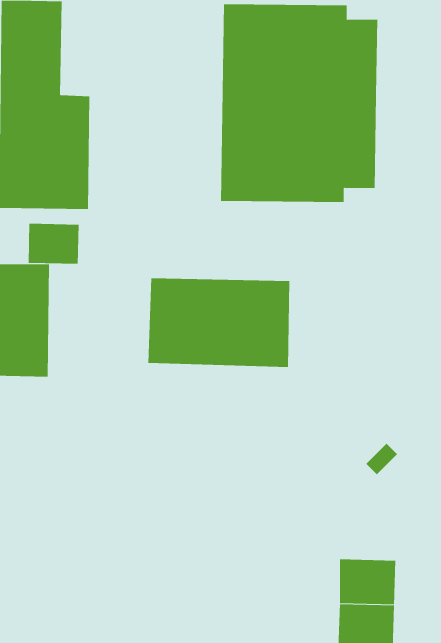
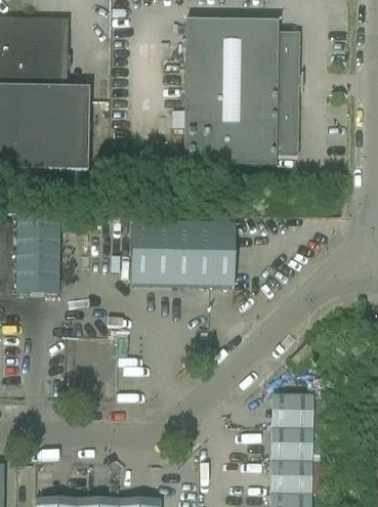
building: [28,223,79,265] -> none
building: none -> [271,393,313,427]

